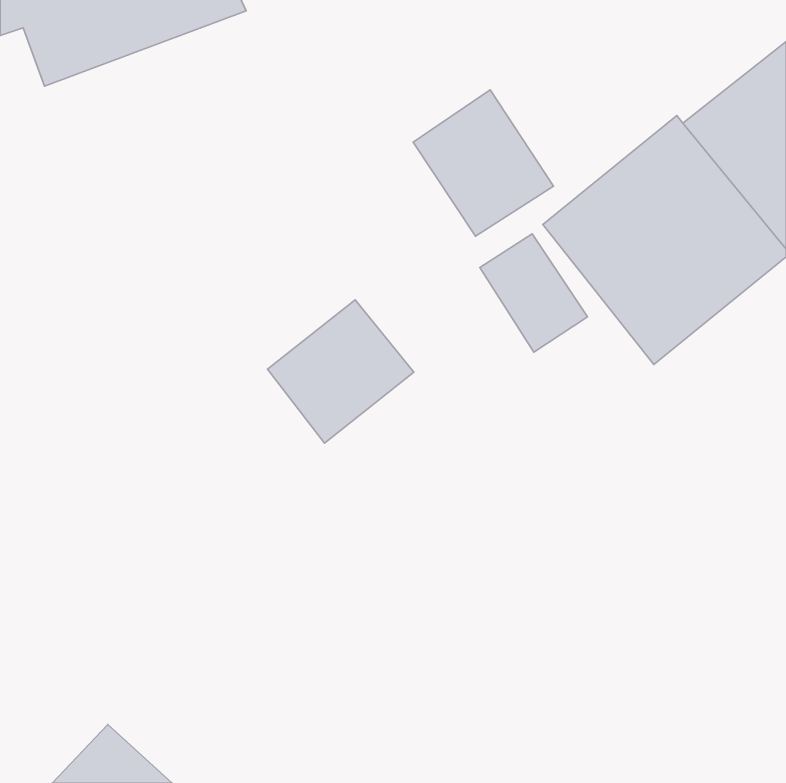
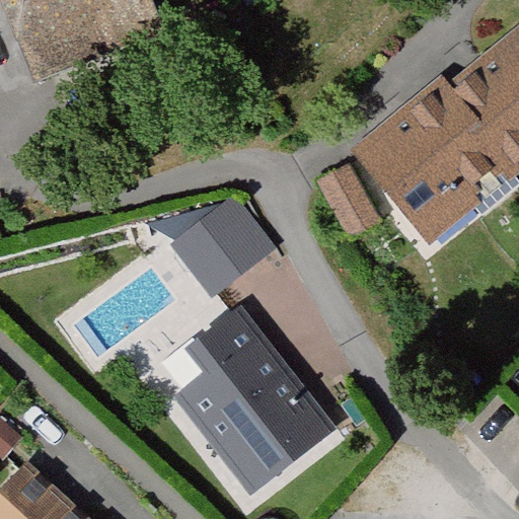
building: [413,90,553,236] -> none
building: none -> [180,309,332,489]

